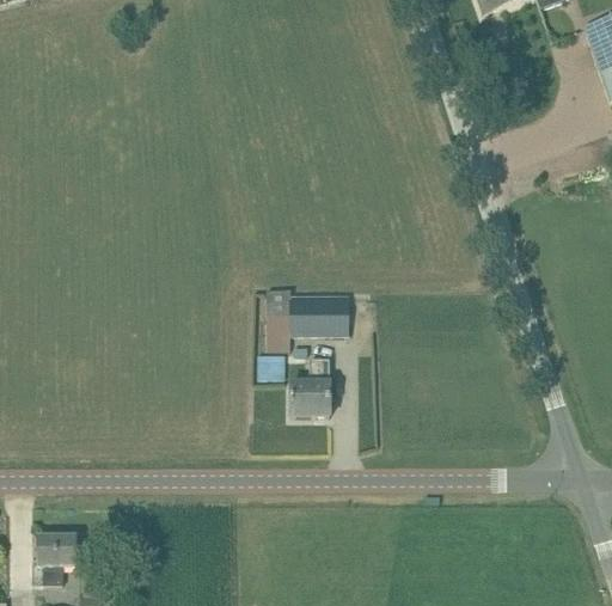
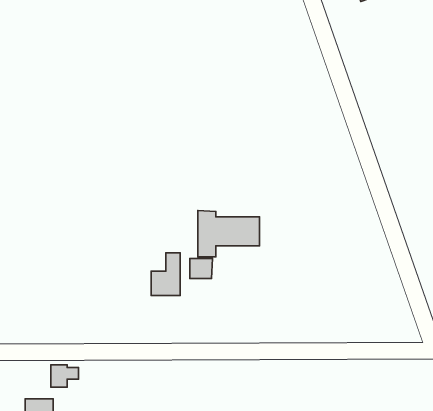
building: [292,359,330,415] -> [151,253,180,295]
building: none -> [51,365,78,387]

